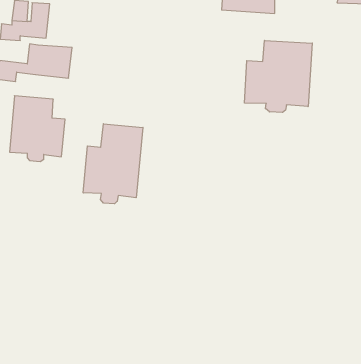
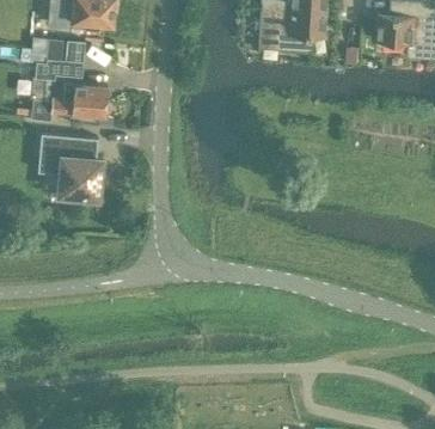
building: [245,40,312,112] -> none
building: [83,124,143,204] -> none

